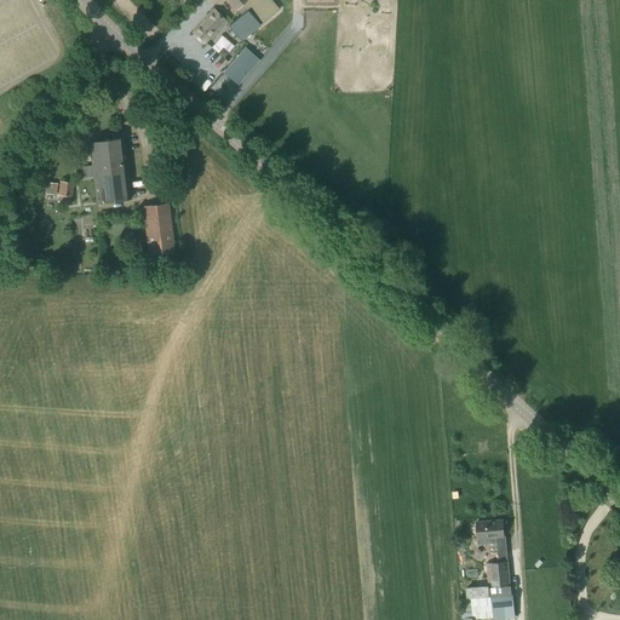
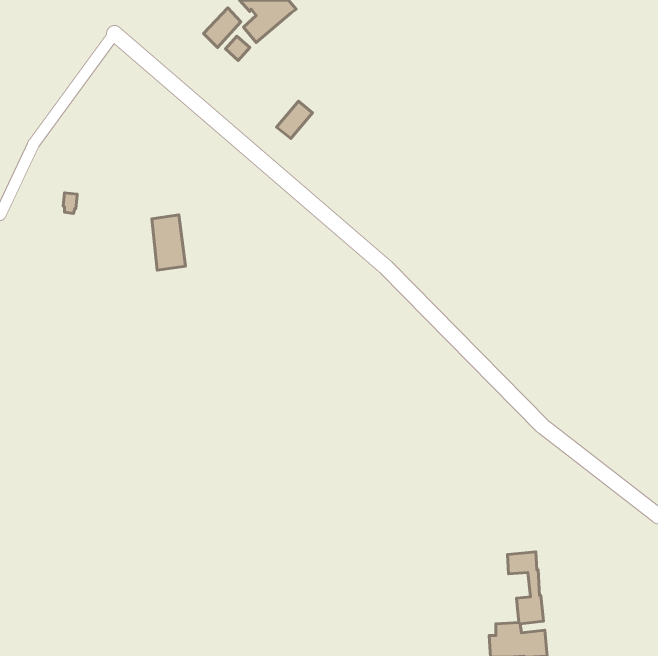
building: [225,50,259,85] -> [277,101,313,139]
building: [82,138,131,203] -> none

